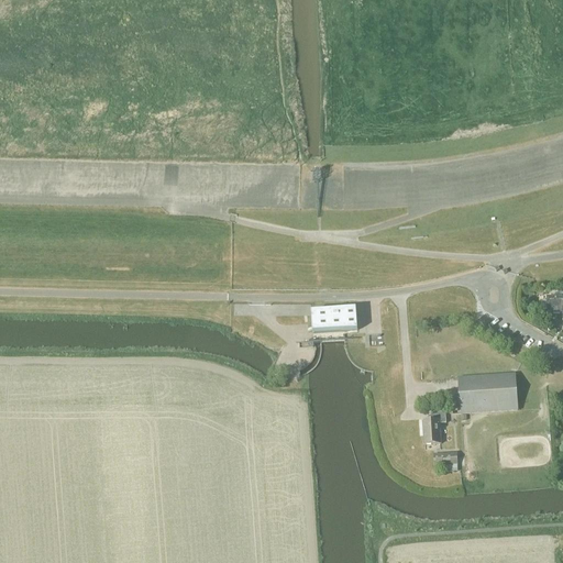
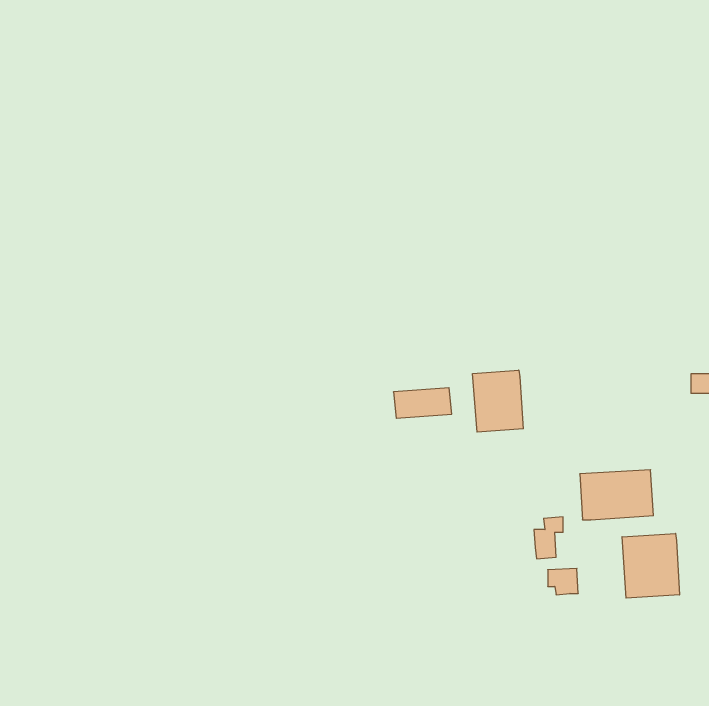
building: none -> [473,370,523,432]
building: none -> [622,533,679,598]

